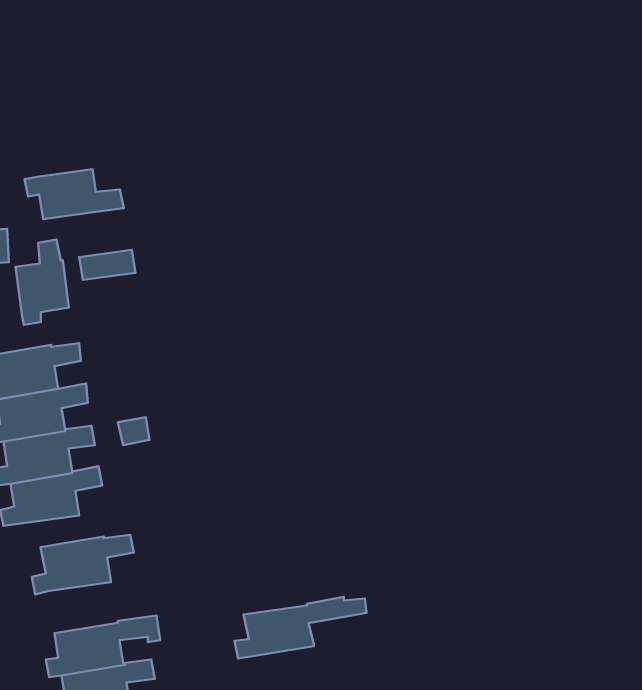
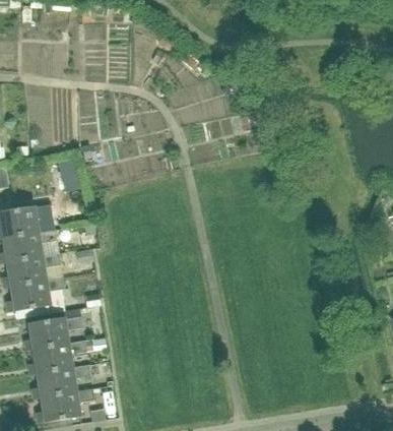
building: [25,169,124,219] -> none
building: [15,239,69,325] -> none
building: [235,597,367,658] -> [27,338,104,374]

